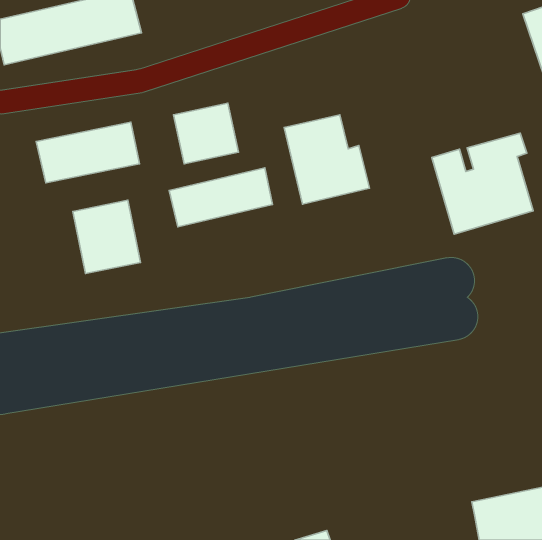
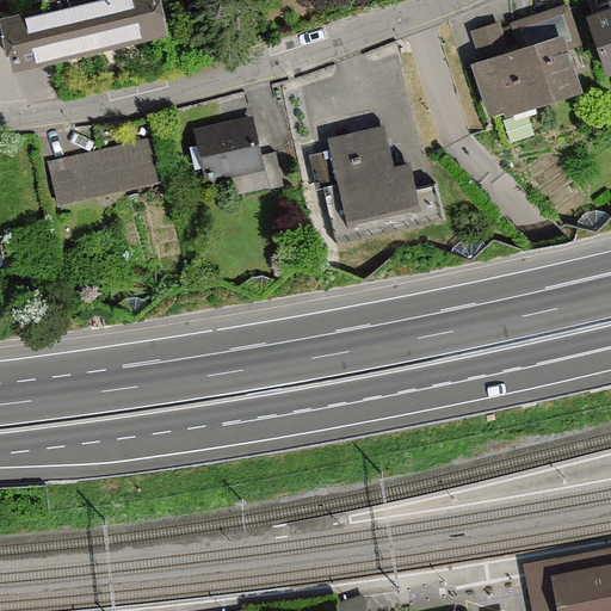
building: [432,133,533,234] -> [469,8,582,122]
building: [169,168,272,227] -> none
building: [73,200,140,274] -> none

